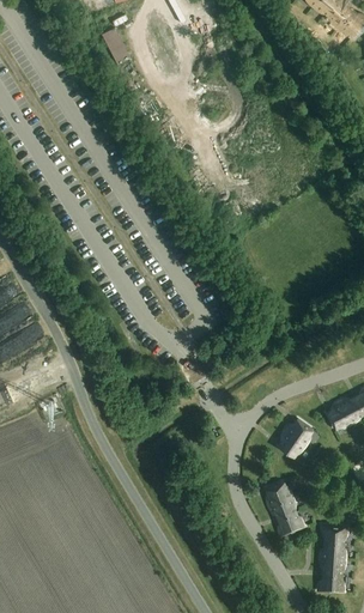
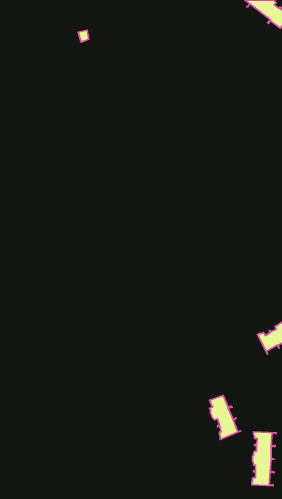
building: [278,419,313,456] -> none

